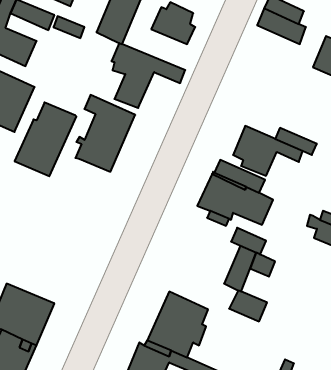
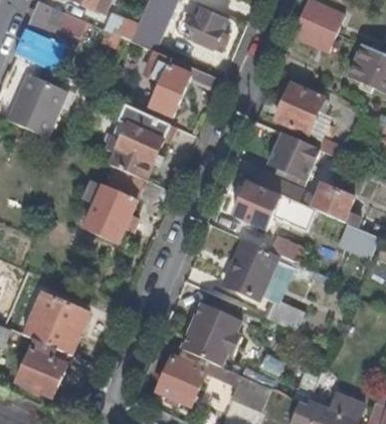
building: none -> [273,81,334,137]
building: [15,102,76,176] -> [83,167,146,241]
building: none -> [309,180,354,224]
building: none -> [221,243,274,302]

